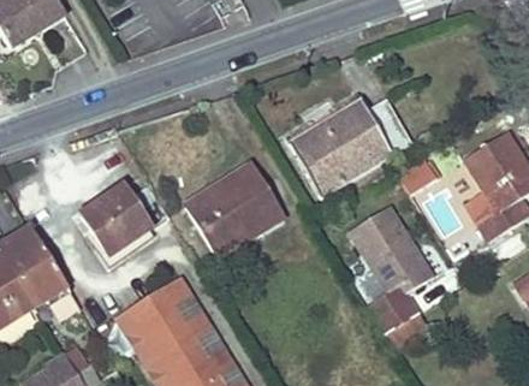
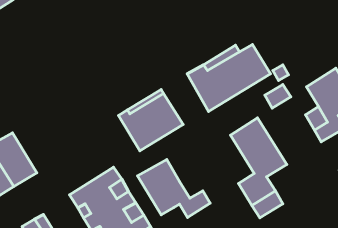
building: [82,188,149,257] -> none
building: none -> [137,159,210,218]

